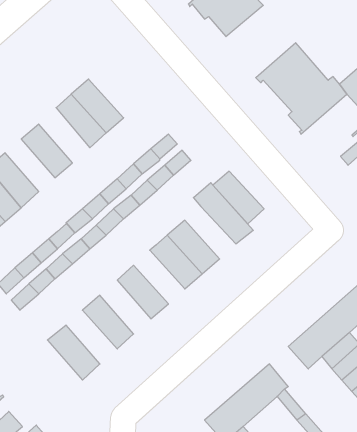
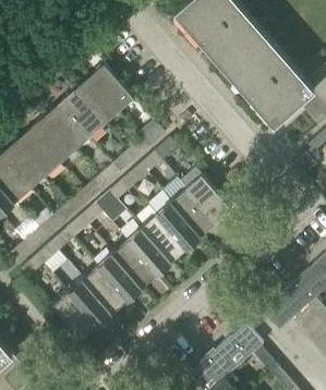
building: none -> [207,13,268,76]
building: none -> [87,63,133,111]
building: none -> [44,102,88,150]
building: none -> [14,130,58,175]
building: [213,171,264,224] -> [171,188,216,234]
building: none -> [126,227,171,273]
building: none -> [97,253,142,300]
building: none -> [68,279,112,326]

